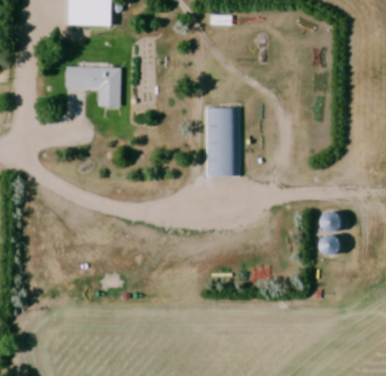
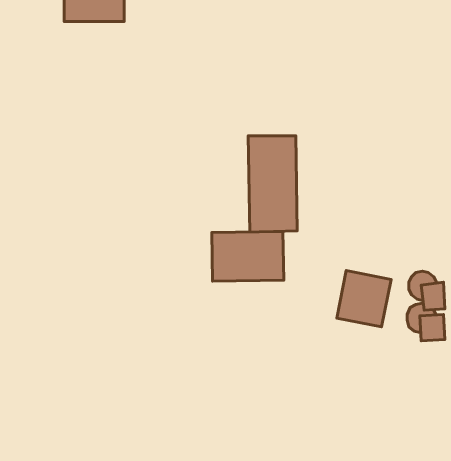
building: [65,66,120,106] -> none
building: none -> [212,232,284,281]
building: none -> [337,271,391,327]

